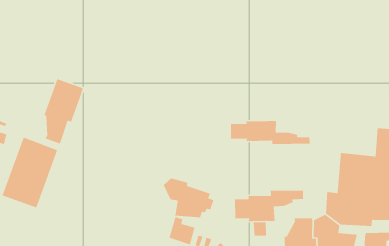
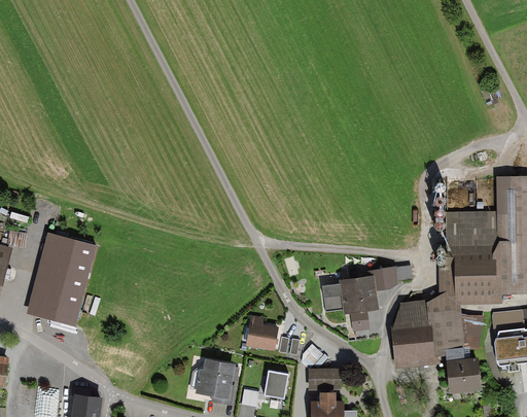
building: [44,78,84,144] -> none
building: [230,120,311,145] -> none
building: [163,177,214,218] -> none

